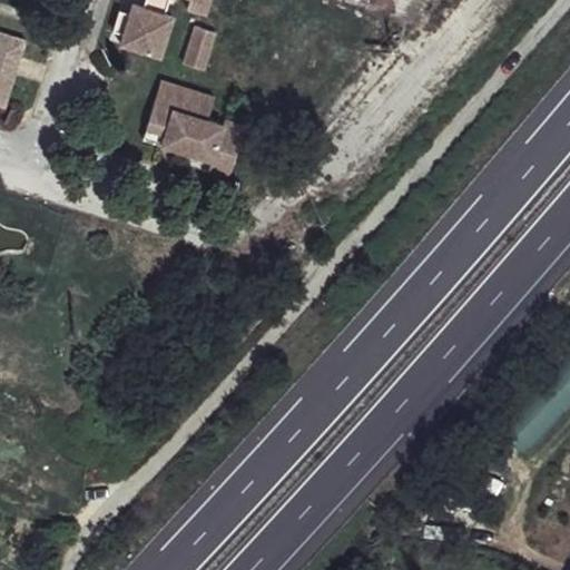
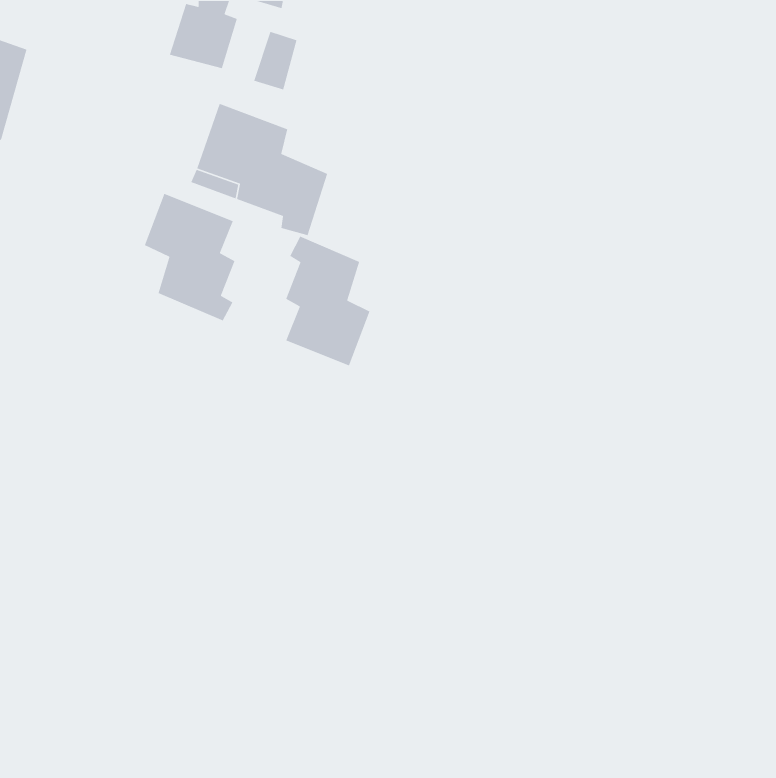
building: none -> [144,193,236,321]
building: none -> [285,236,371,367]

